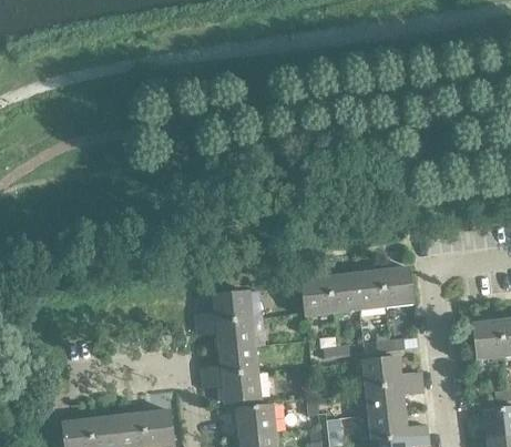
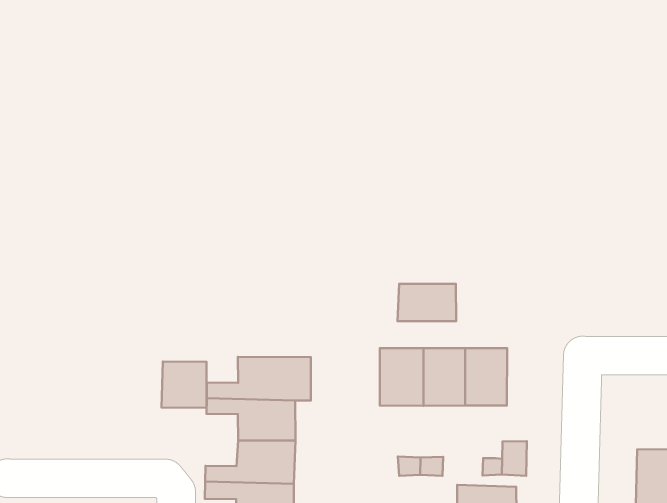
building: none -> [398,284,456,321]
building: [382,267,413,306] -> none
building: none -> [162,362,207,408]

